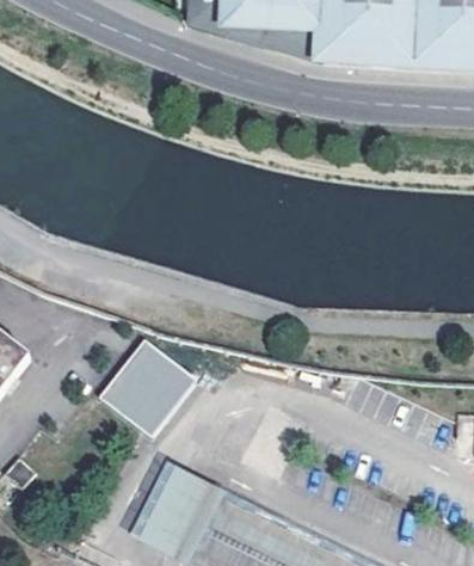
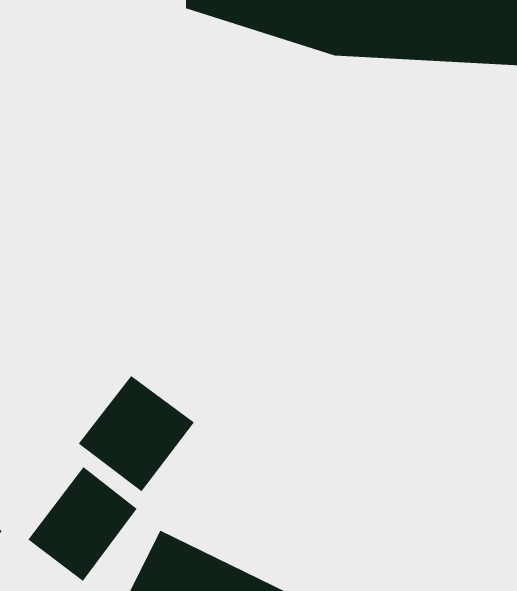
building: none -> [28,466,138,582]

